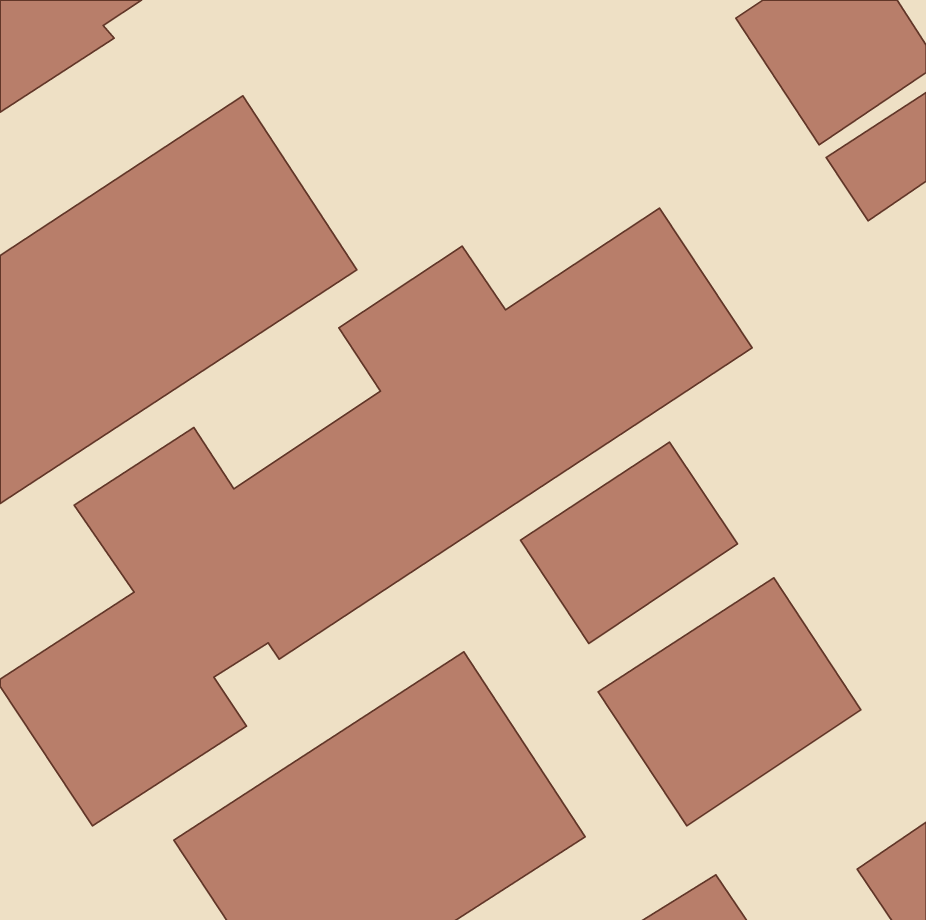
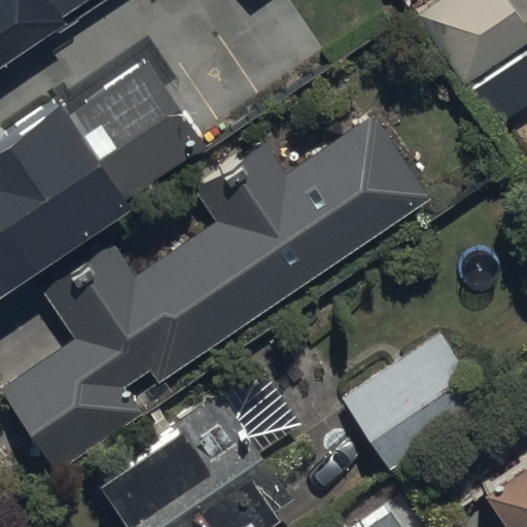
building: [520,442,737,644] -> none

